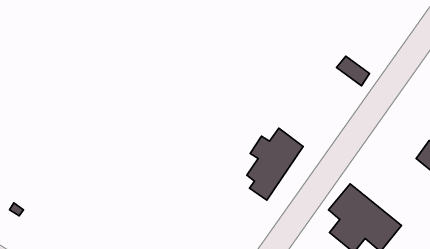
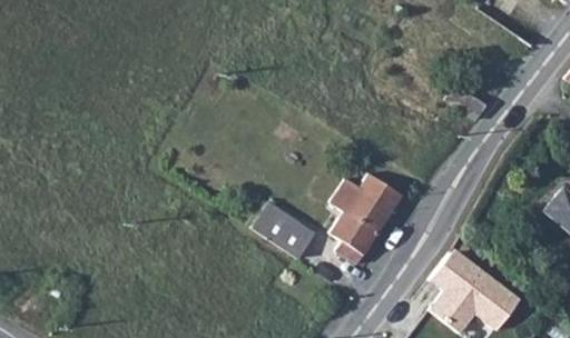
building: none -> [247,203,312,262]

